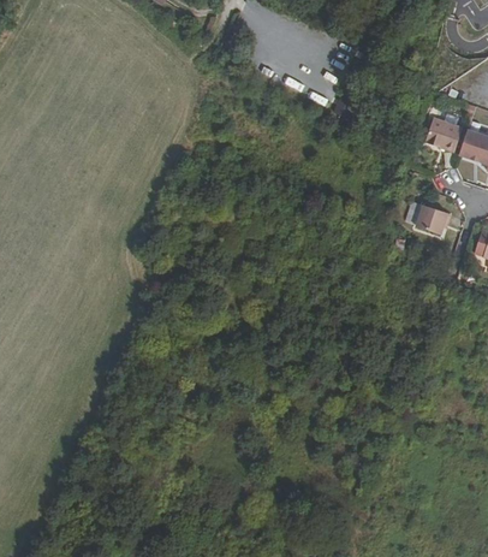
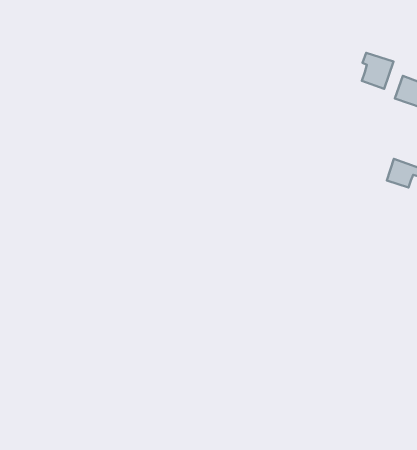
building: none -> [362,53,394,89]

